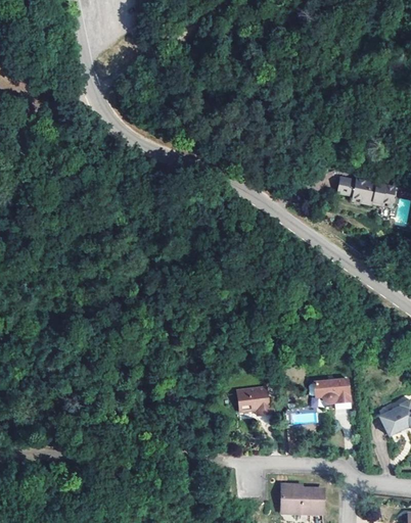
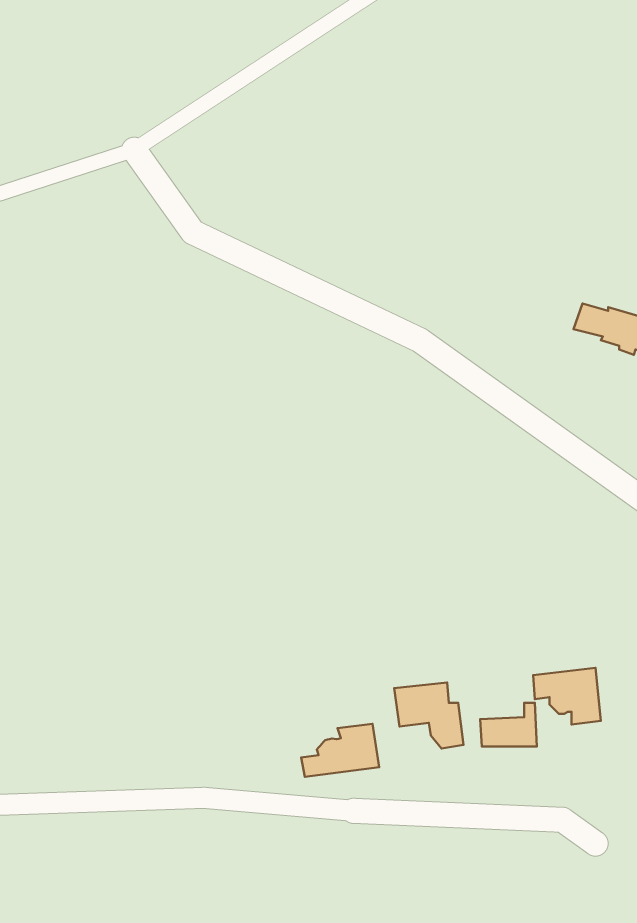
building: none -> [301,724,379,777]
building: [280,484,322,513] -> none

